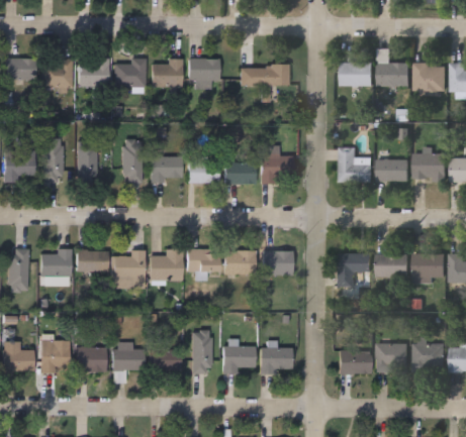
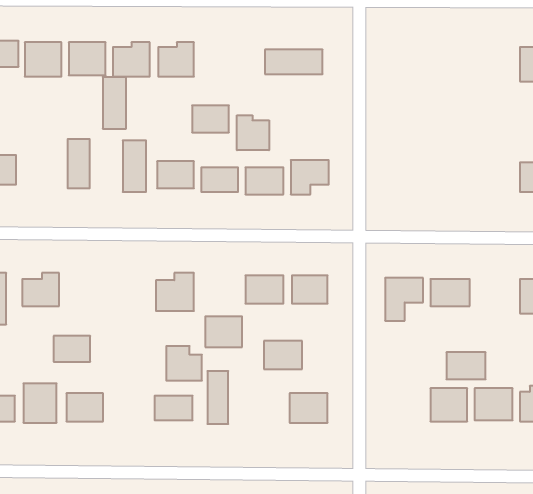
building: [378,50,408,87] -> none
building: [188,60,218,82] -> [192,105,229,132]
building: [340,63,372,87] -> none
building: [413,64,445,95] -> none
building: none -> [237,115,269,150]
building: [42,139,62,182] -> [103,77,126,129]
building: [339,148,371,183] -> none
building: [413,154,445,181] -> none
building: [377,160,408,183] -> none
building: [115,249,144,279] -> none
building: [187,249,217,275] -> [205,316,242,347]
building: [76,250,106,271] -> [54,336,90,362]
building: [413,254,445,278] -> none
building: [113,342,143,370] -> [166,346,202,381]
building: [222,346,254,369] -> [264,341,302,369]
building: [339,352,371,374] -> [446,352,486,379]

